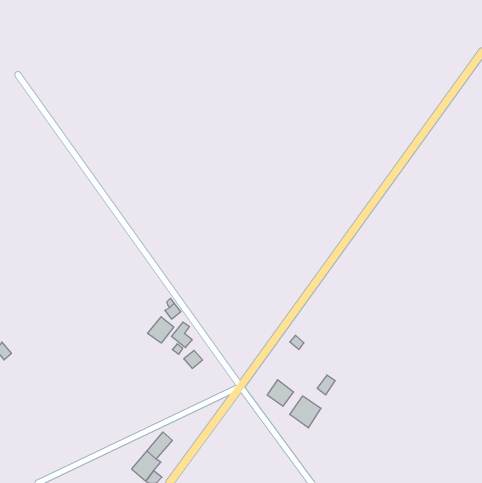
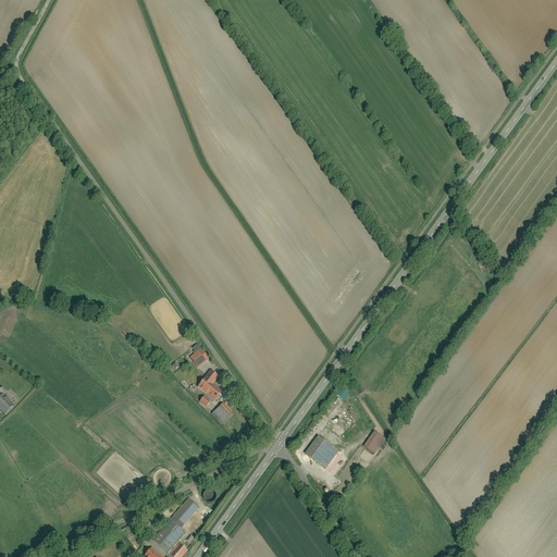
building: [148,317,174,343] -> none
building: [290,396,321,428] -> none

